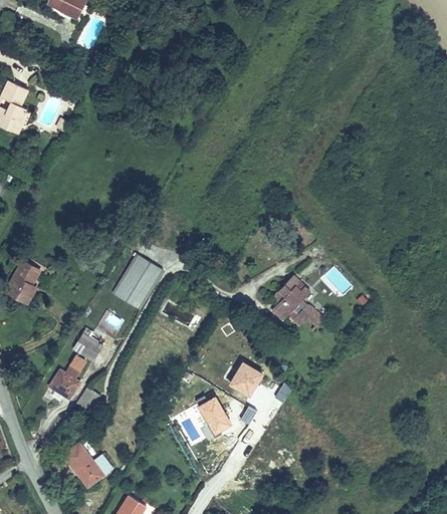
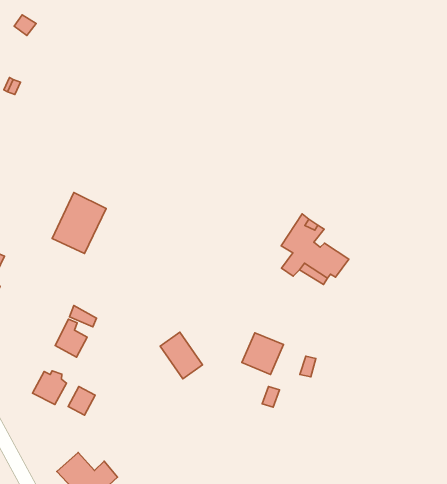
building: [111,254,161,307] -> [52,192,106,254]
building: [199,395,233,435] -> [160,332,202,379]

